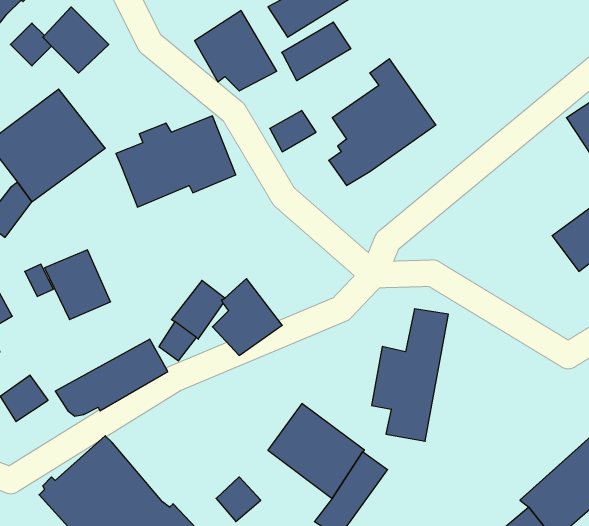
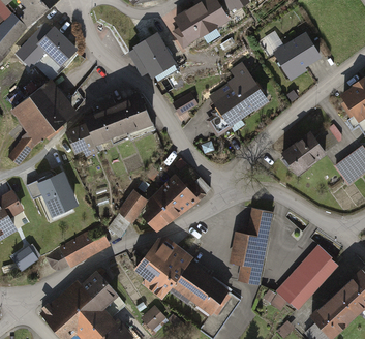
building: none -> [271,32,320,80]
building: [282,22,351,81] -> none
building: none -> [62,123,96,157]
building: none -> [279,130,327,176]
building: none -> [157,174,204,215]
building: none -> [131,236,192,299]
building: none -> [262,243,338,309]
building: none -> [80,271,124,317]

